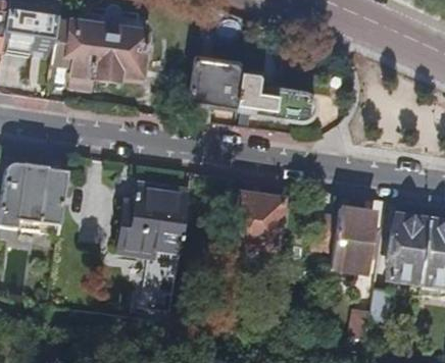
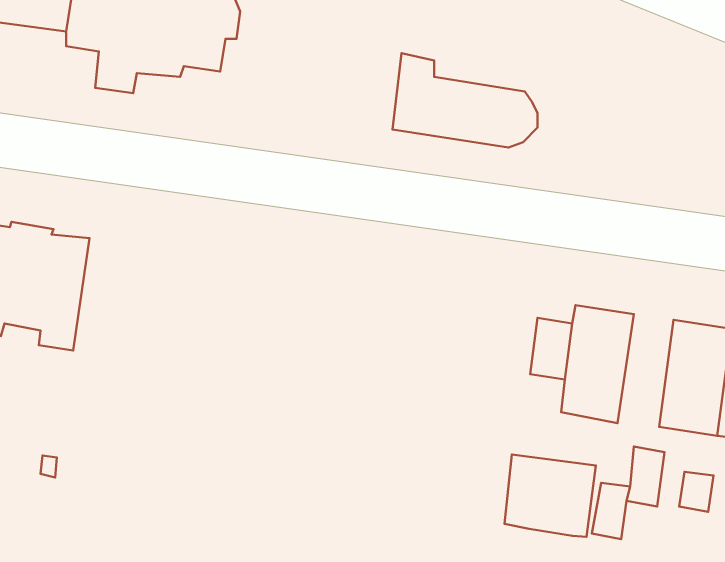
building: [191,53,243,110] -> none
building: [118,185,188,276] -> none
building: [232,195,282,249] -> none
building: none -> [504,454,596,537]

